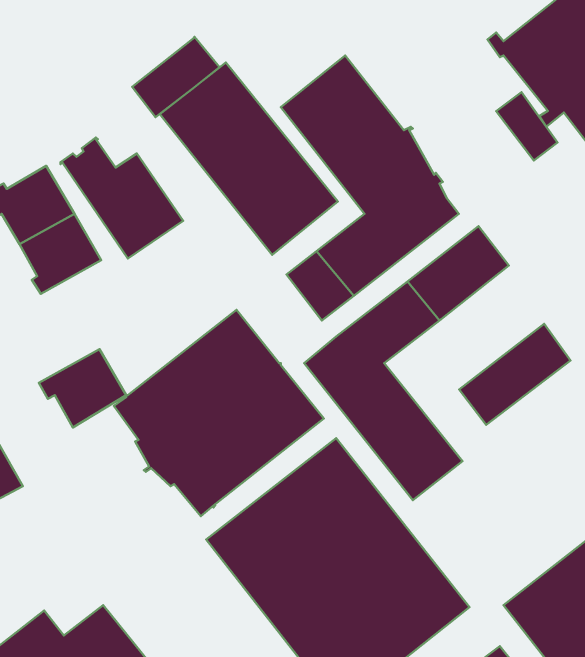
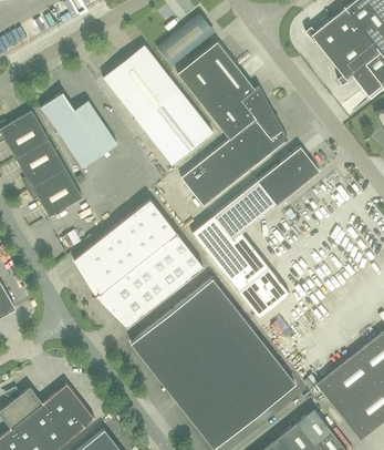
building: [132,37,219,117] -> [158,17,212,67]
building: [496,92,557,161] -> none
building: [459,324,571,425] -> none
building: [39,349,126,427] -> [29,168,83,217]

